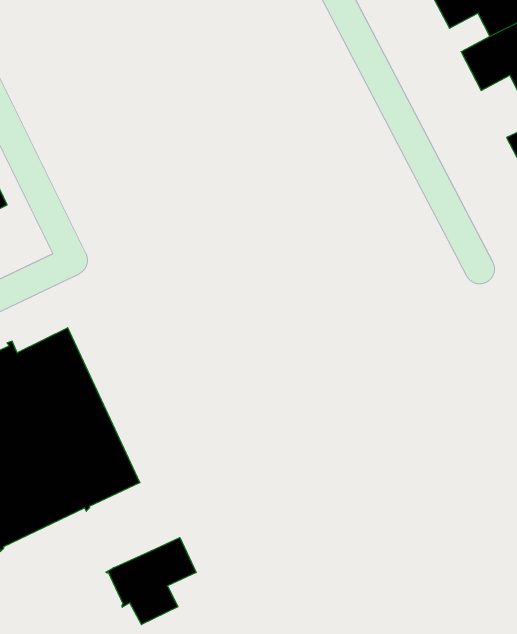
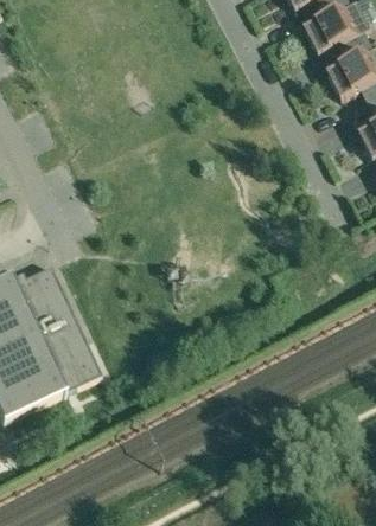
building: [106,538,196,625] -> none

